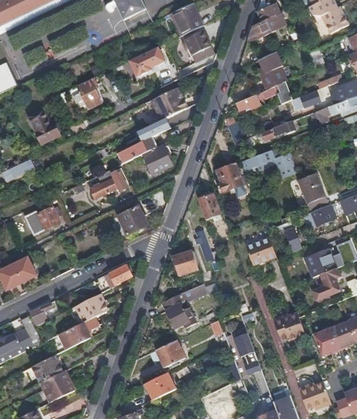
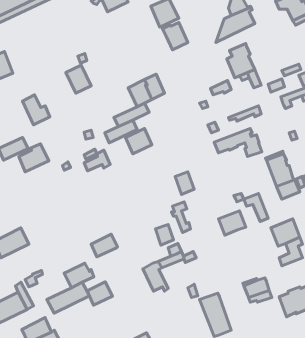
building: [129,46,163,75] -> none
building: [216,163,246,196] -> none
building: [26,202,59,233] -> [19,144,49,172]
building: [117,204,147,234] -> none
building: [155,339,183,365] -> [87,282,113,305]

